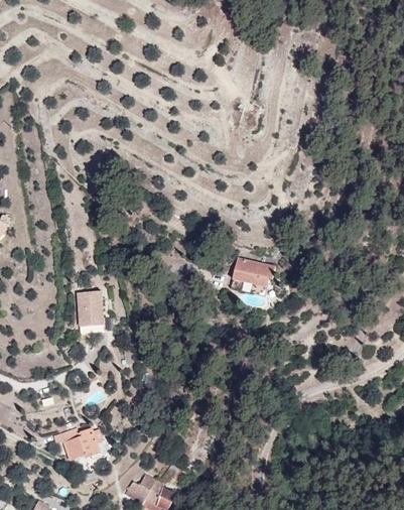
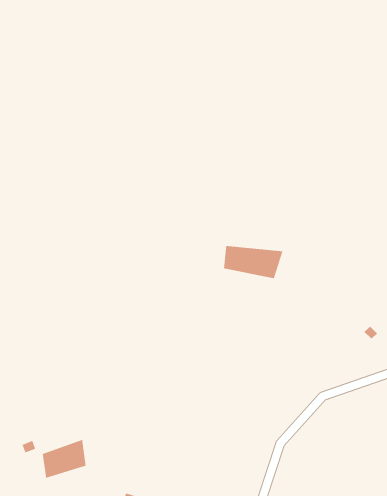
building: [72,290,101,329] -> none

